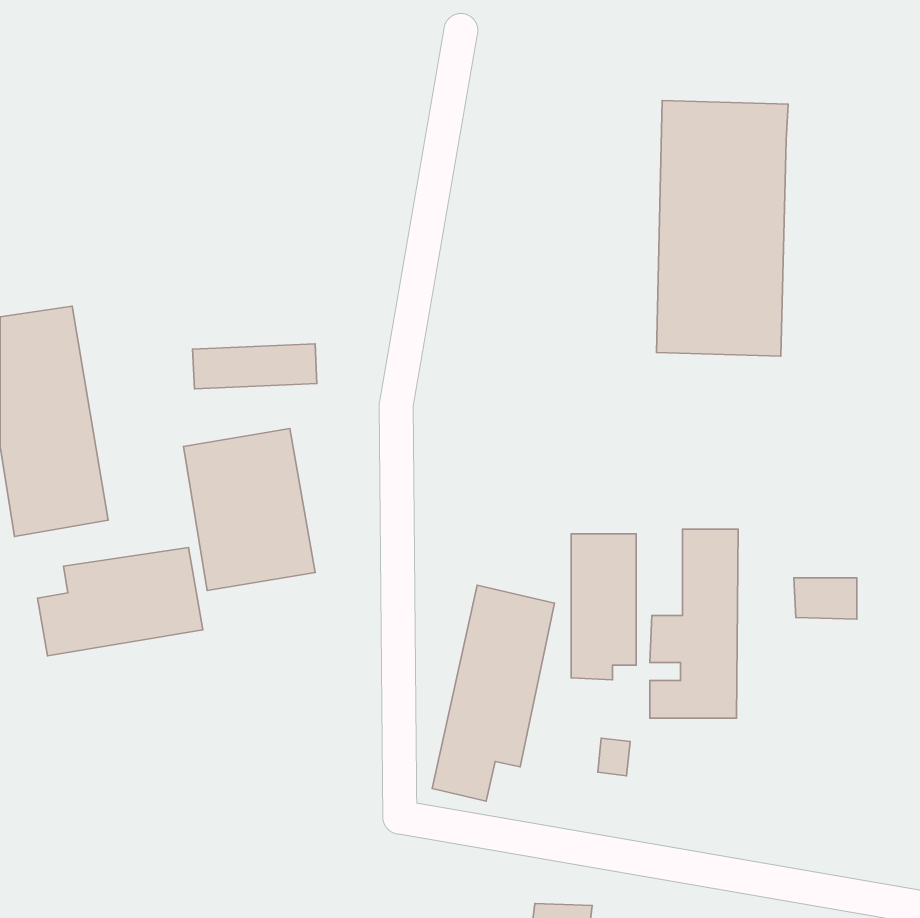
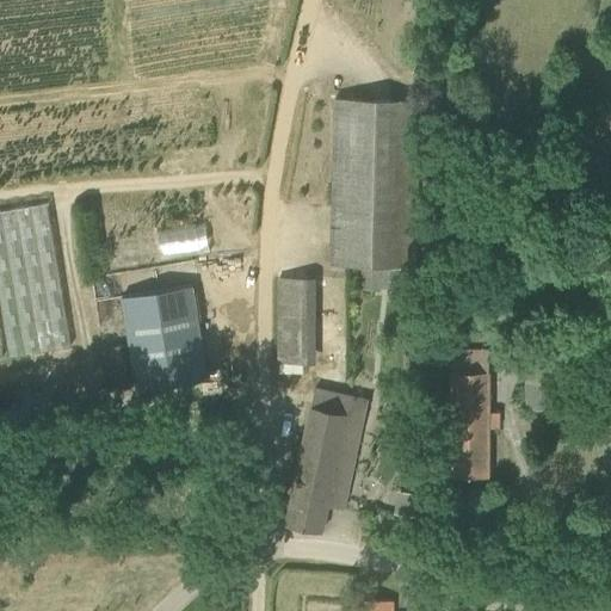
building: [657,101,788,356] -> [332,99,419,269]
building: [571,534,636,680] -> [277,276,320,372]
building: [37,547,203,656] -> none

